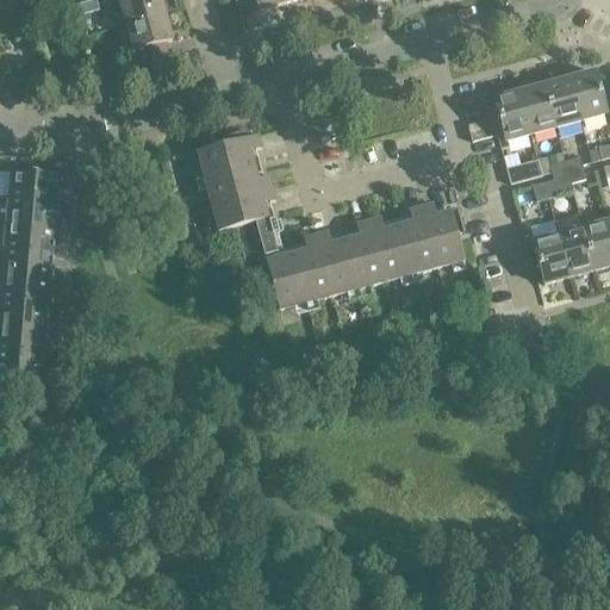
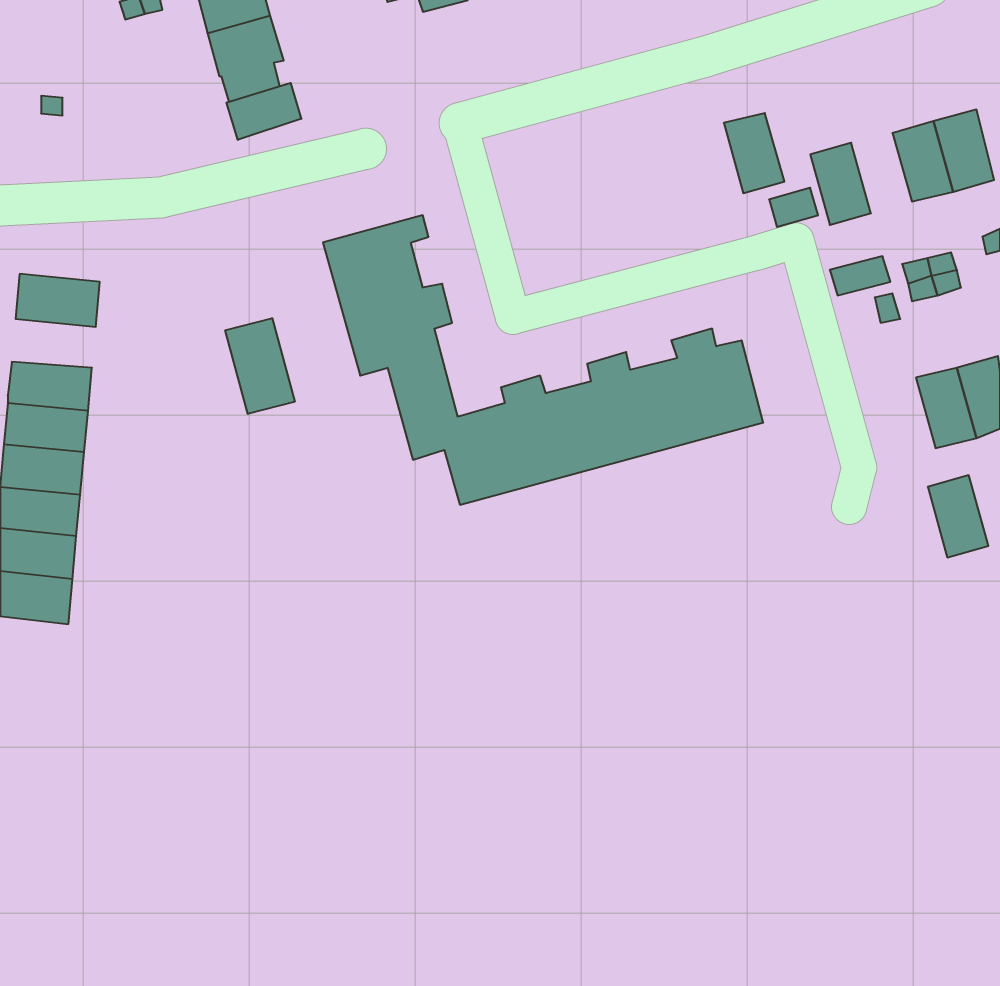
building: none -> [226,83,301,140]
building: [518,81,555,130] -> [724,113,784,193]
building: none -> [225,318,295,414]
building: [7,194,58,224] -> none
building: [533,230,569,280] -> [928,475,988,557]

